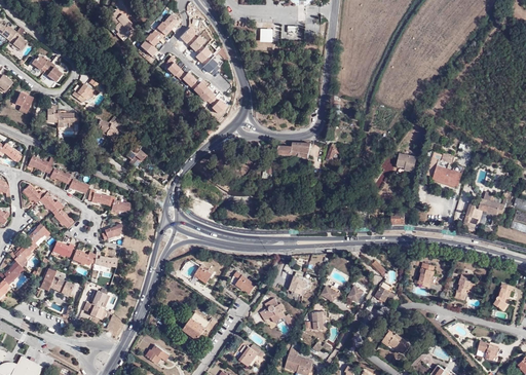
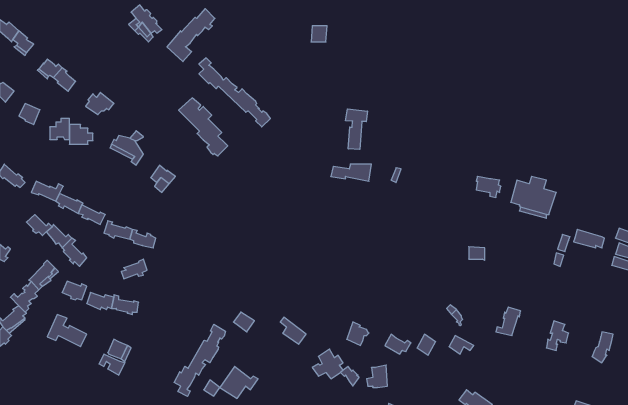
building: [180,27,221,75] -> [179,98,228,156]
building: none -> [346,109,367,149]
building: none -> [174,324,226,396]

